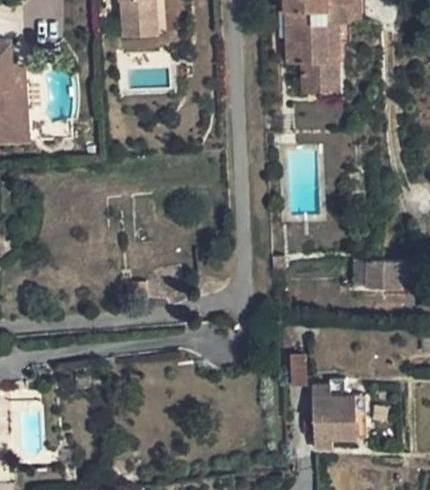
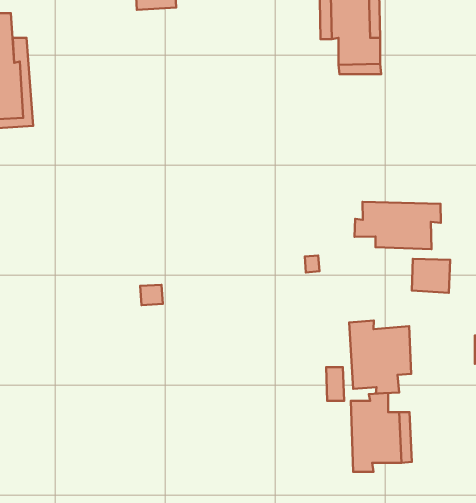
building: none -> [354,202,441,249]
building: none -> [349,321,411,393]

